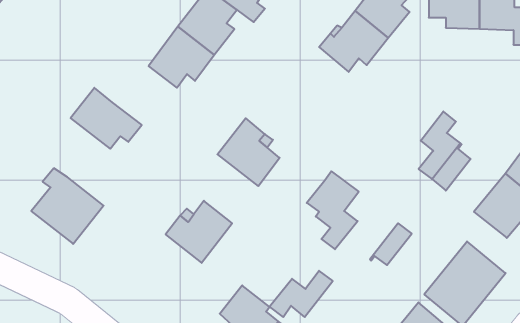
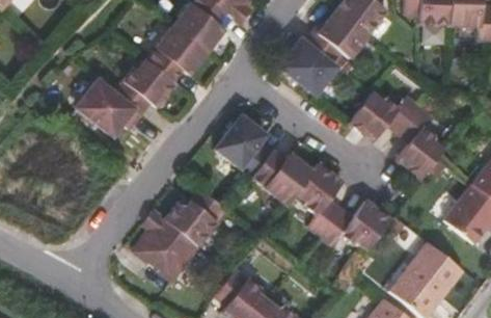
building: none -> [277,37,335,100]
building: none -> [114,64,175,118]
building: none -> [347,91,418,140]
building: none -> [248,149,309,203]
building: [31,168,104,244] -> [130,211,196,281]
building: [269,271,333,317] -> [319,200,377,242]

